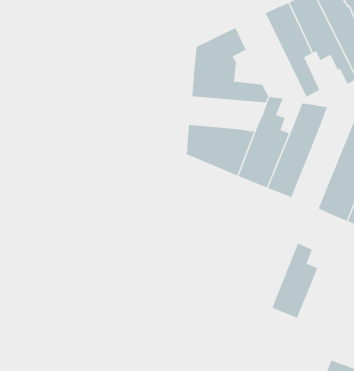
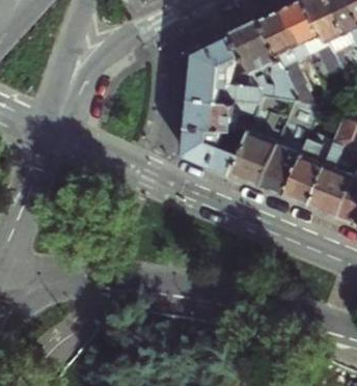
building: none -> [228,18,298,105]
building: none -> [183,98,257,129]
building: [272,243,318,319] -> [282,133,327,205]

